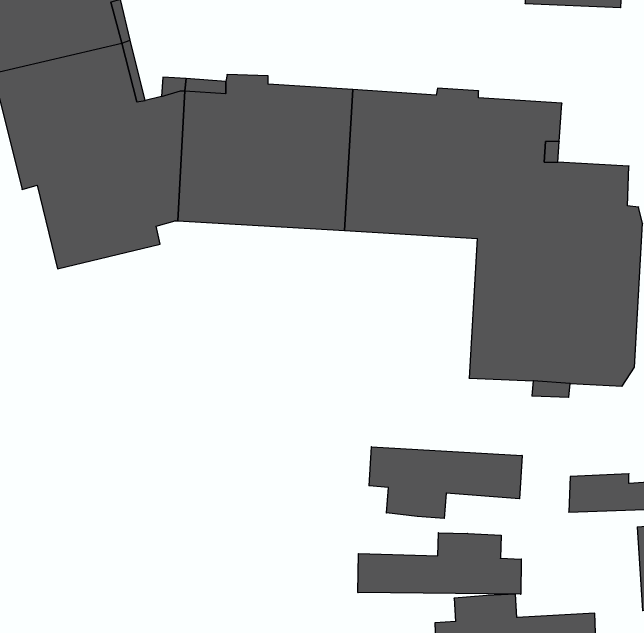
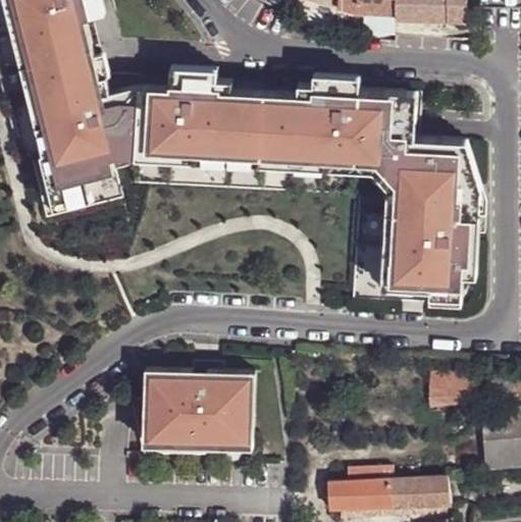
building: [369,447,522,518] -> none
building: none -> [142,366,253,456]
building: [358,533,521,594] -> none

